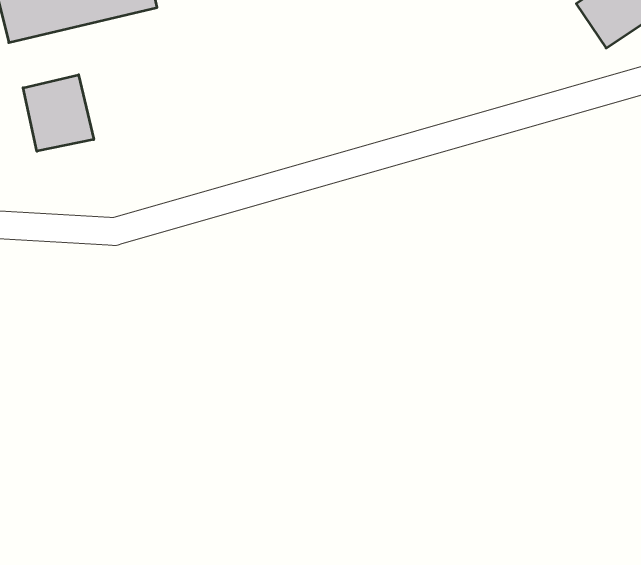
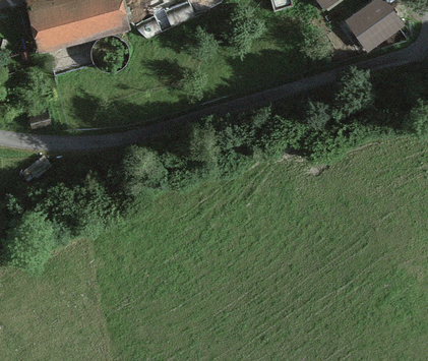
building: [23,75,94,151] -> none

